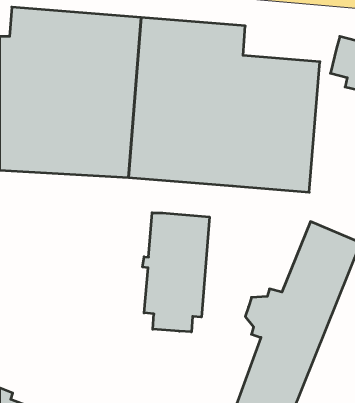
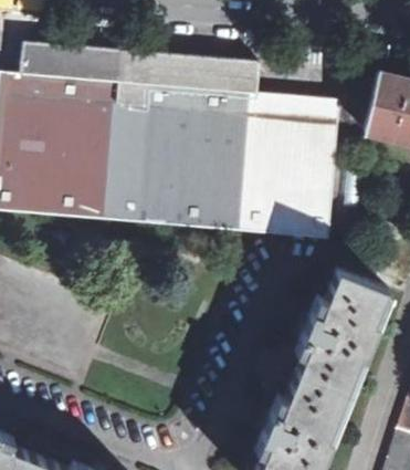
building: [143,213,209,332] -> none

